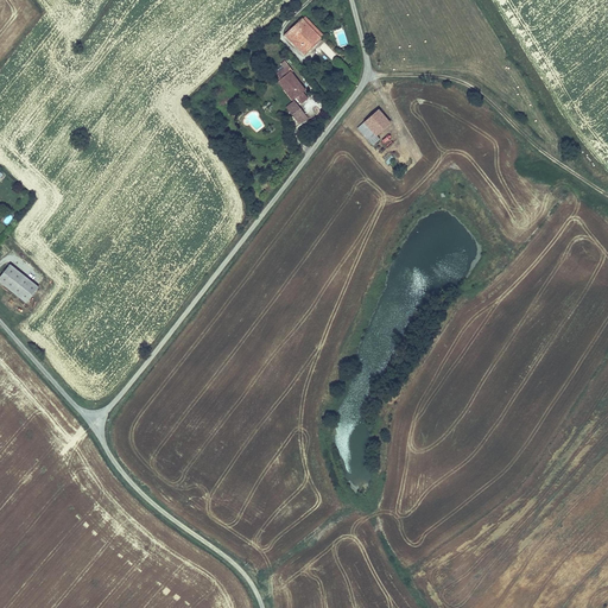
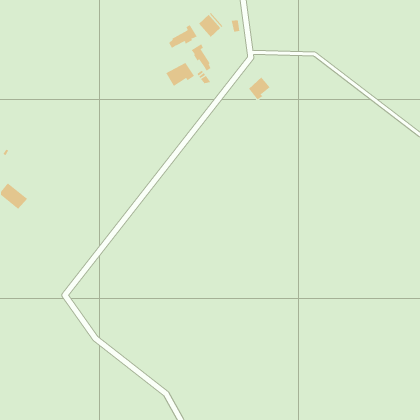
building: none -> [168,24,197,49]
building: none -> [166,62,195,87]

